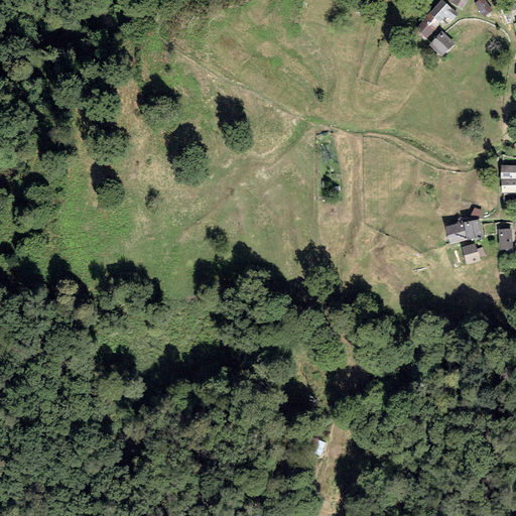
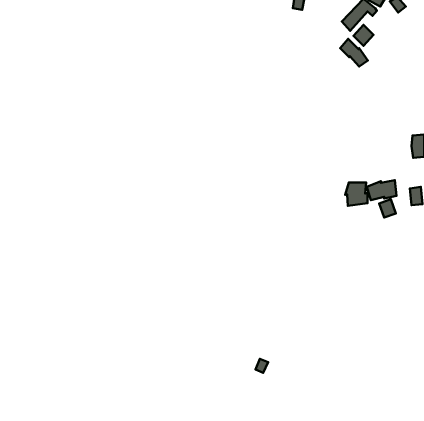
building: none -> [340,39,368,66]
building: none -> [345,182,367,206]

